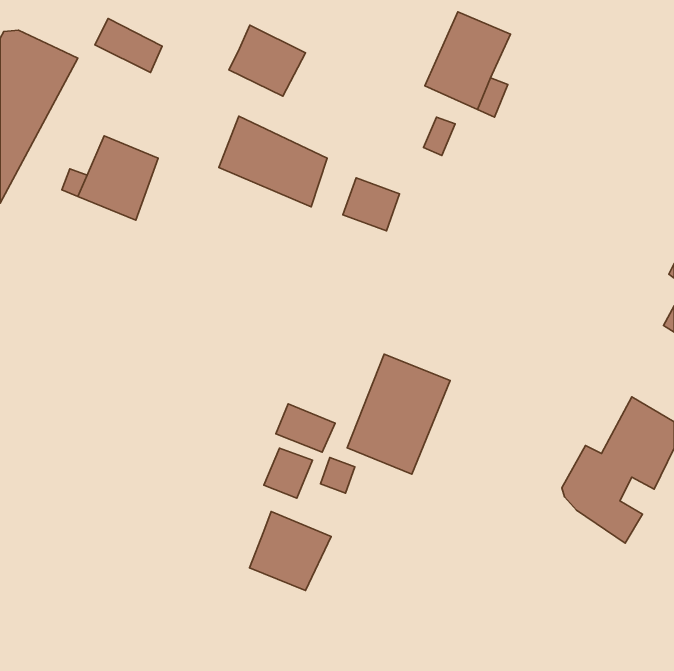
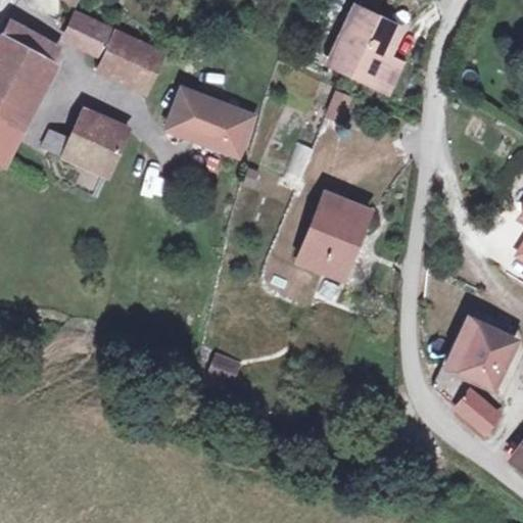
building: [229,25,305,96] -> [109,36,169,91]
building: [347,354,450,474] -> [295,191,375,284]
building: [276,404,335,452] -> none
building: [250,512,331,591] -> none

